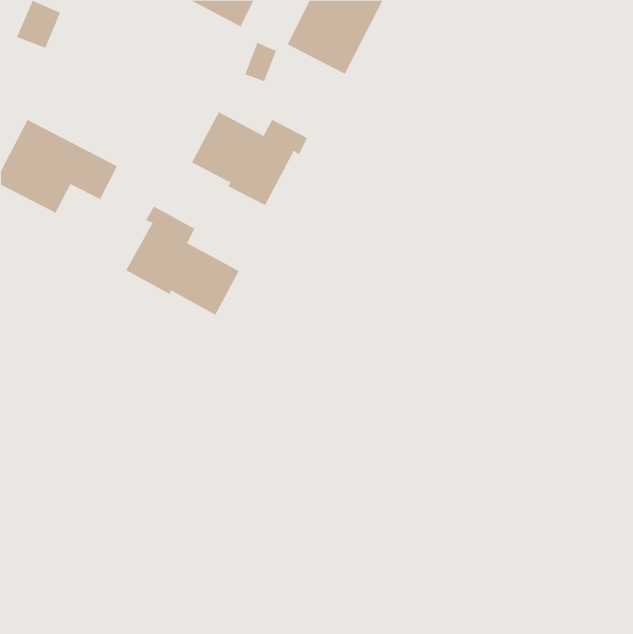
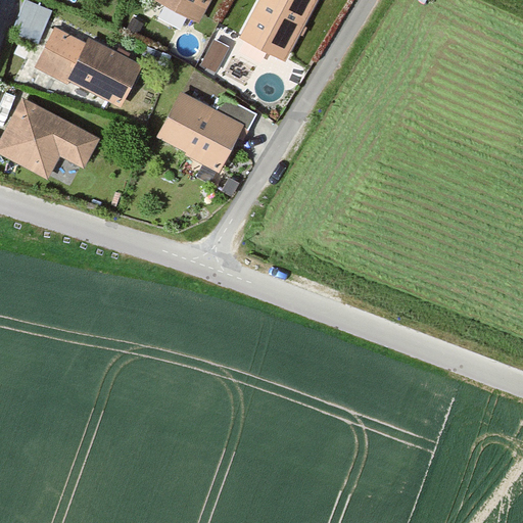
building: none -> [37,28,141,104]
building: [126,206,240,316] -> none

